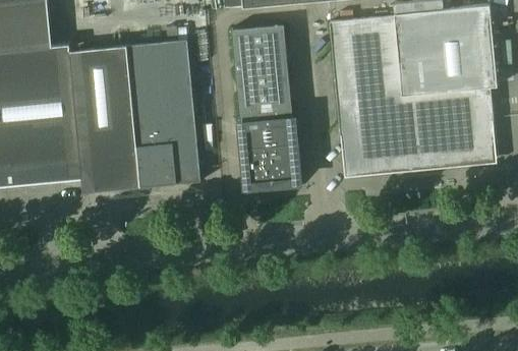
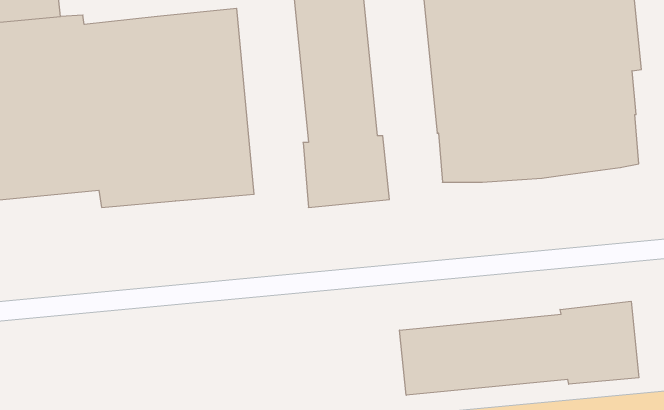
building: none -> [400,301,639,395]

